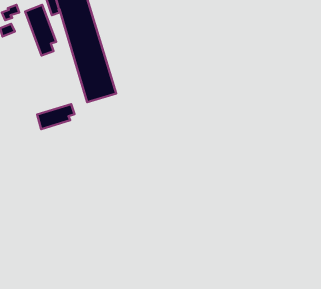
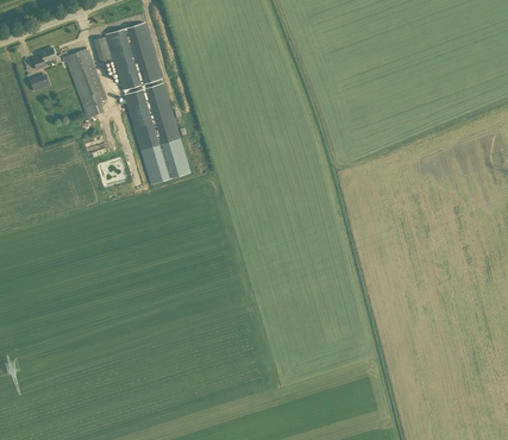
building: [37,104,74,129] -> none

